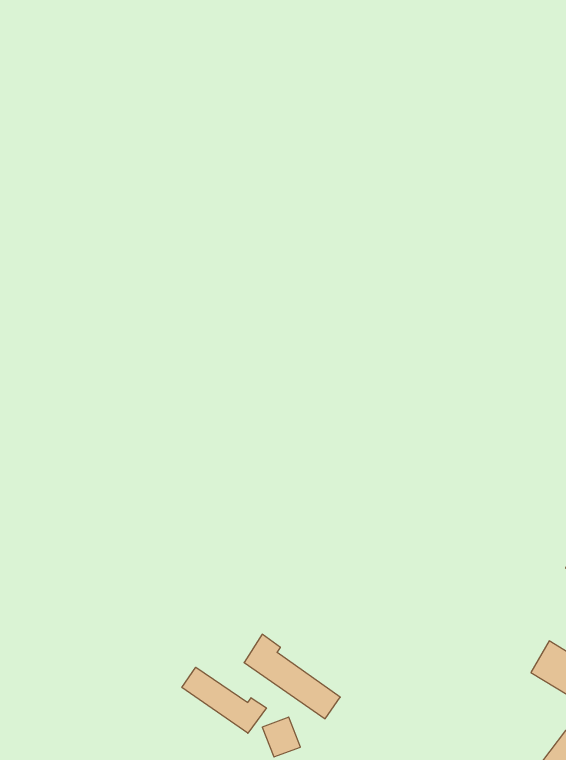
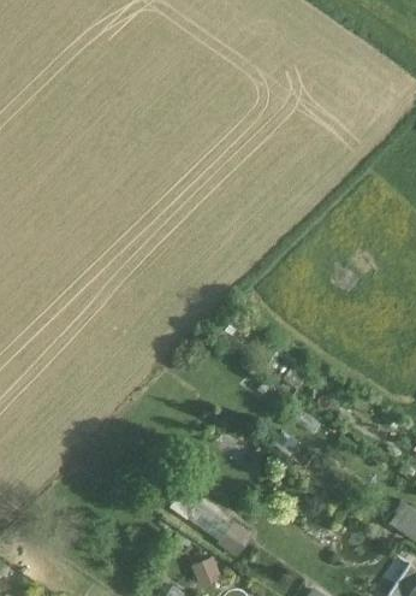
building: [182,667,266,733] -> none

